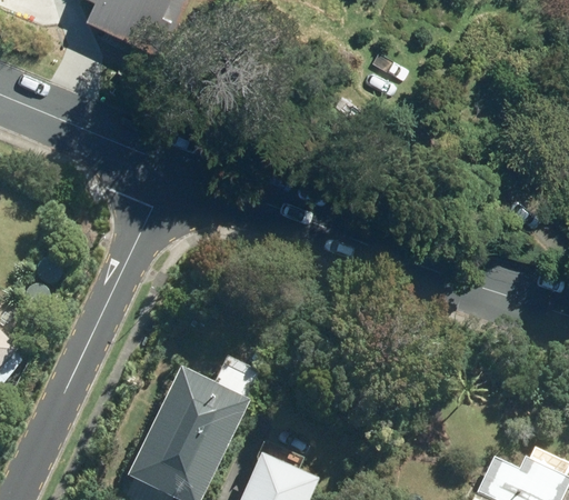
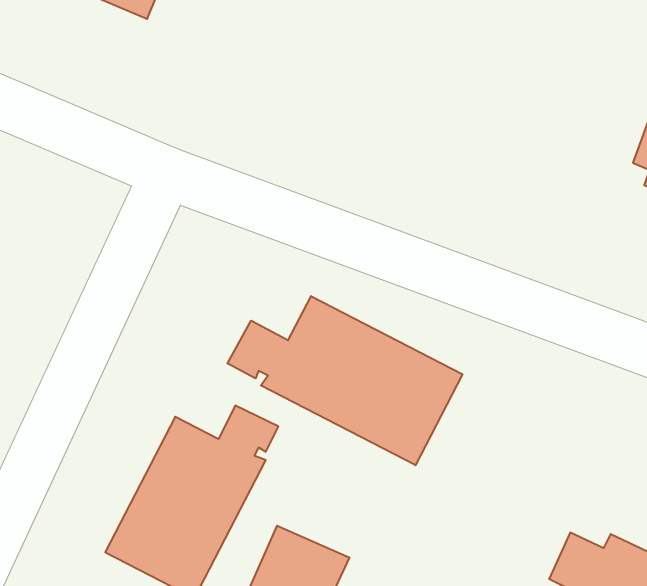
building: none -> [228,296,462,465]

